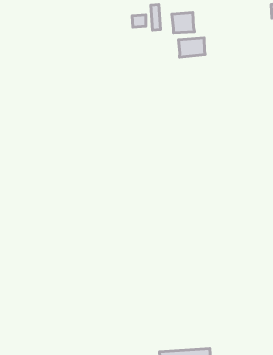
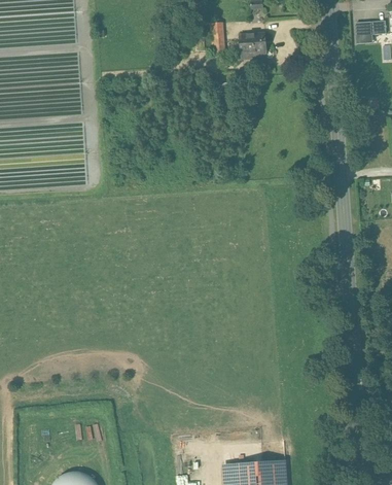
building: [178,38,205,57] -> none

